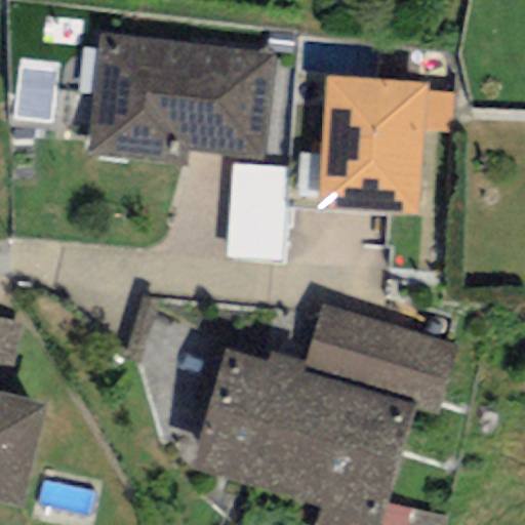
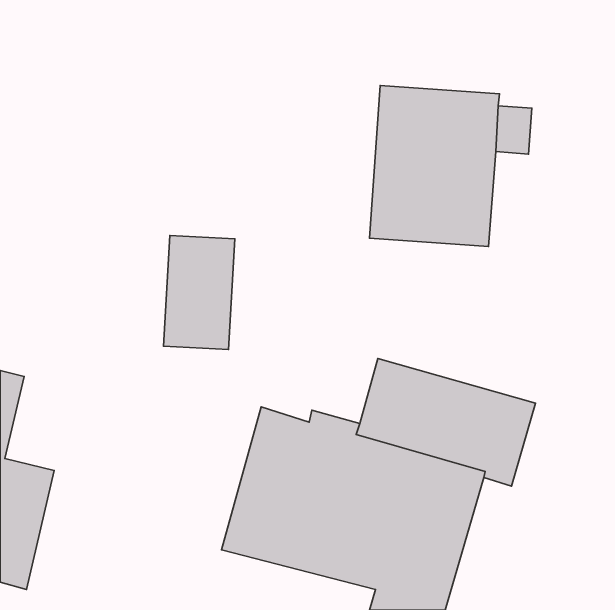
building: [83,29,276,165] -> none
building: [226,163,286,260] -> [164,235,235,350]

